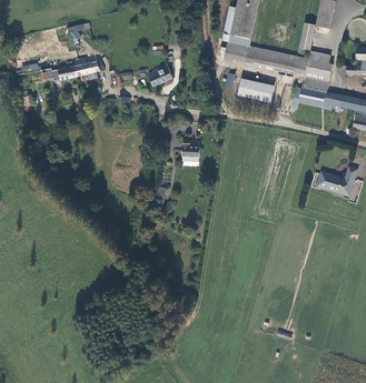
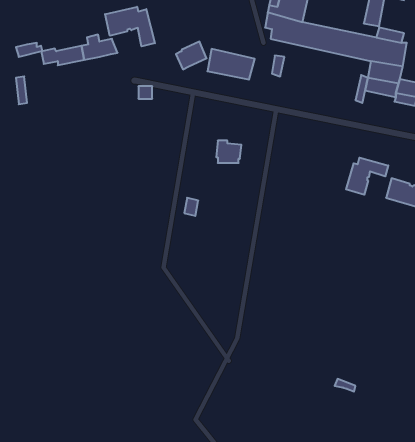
building: none -> [105,7,155,46]
building: [237,78,275,102] -> [207,49,255,80]
building: none -> [346,158,388,195]

